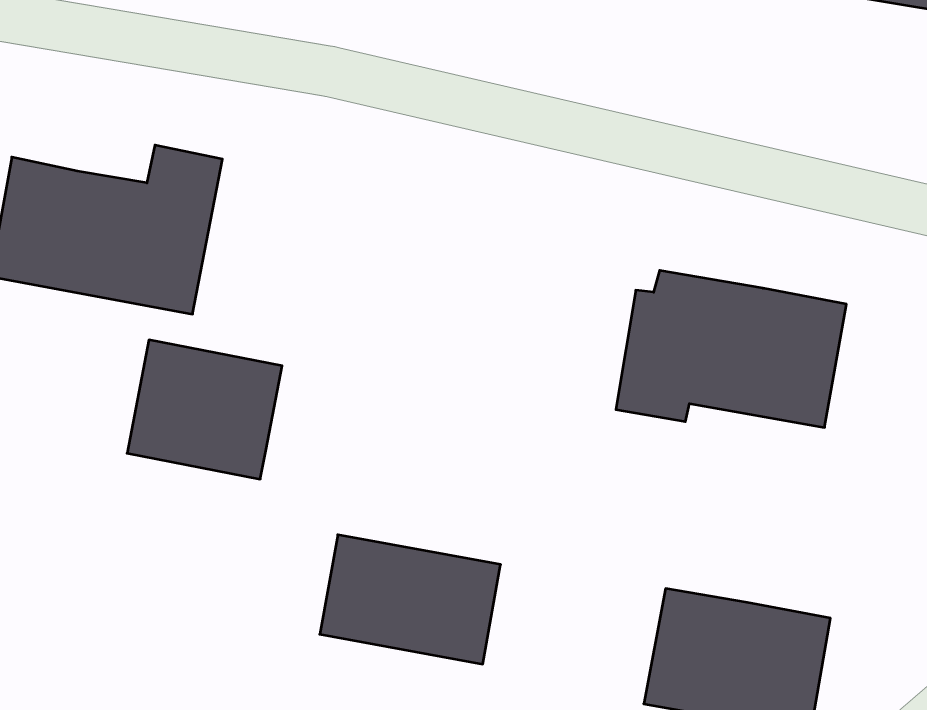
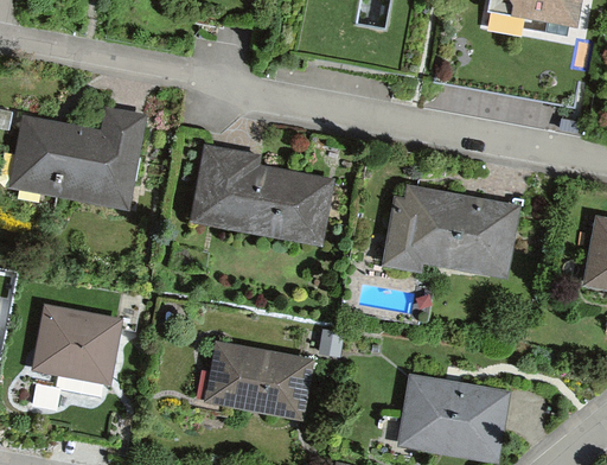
building: none -> [191,145,334,247]
building: [127,340,282,479] -> [30,304,122,387]

